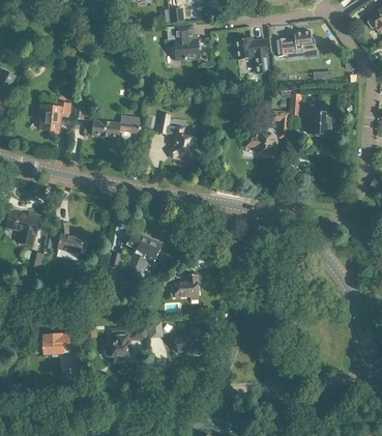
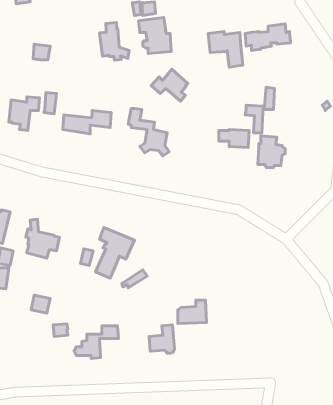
building: none -> [99,23,129,60]
building: none -> [151,69,188,101]
building: [307,104,334,135] -> [258,136,285,168]
building: [170,273,198,296] -> [178,300,206,323]
building: [42,331,71,353] -> none

